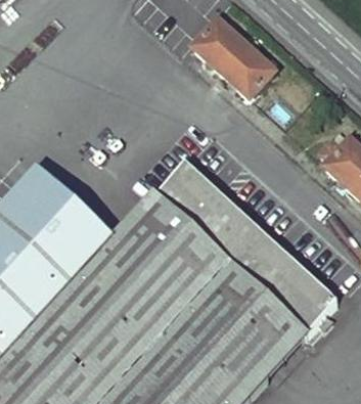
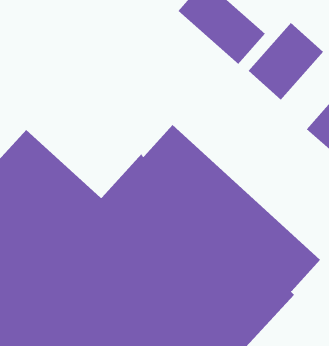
building: none -> [248,22,324,100]

